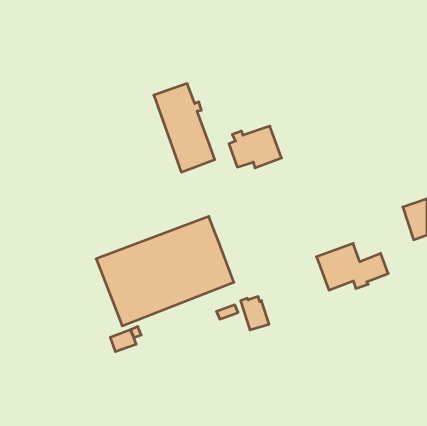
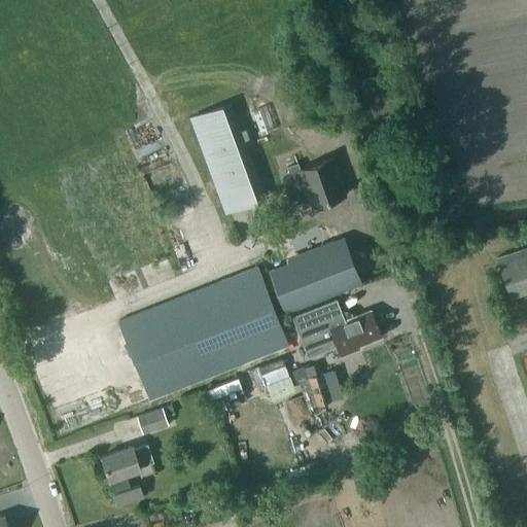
building: none -> [274,246,362,314]
building: [316,243,388,290] -> [291,302,380,359]
building: none -> [102,447,154,506]

